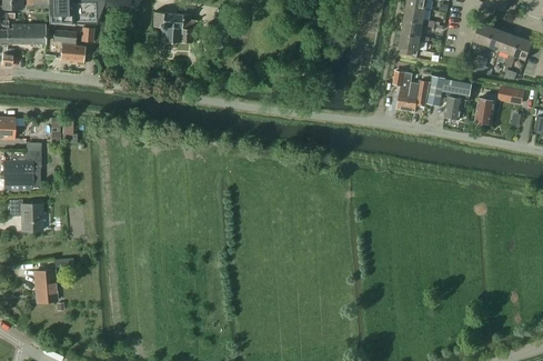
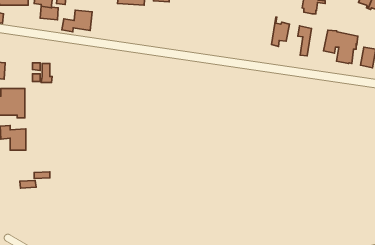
building: none -> [62,10,92,32]
building: [405,73,429,111] -> [272,17,290,46]
building: [34,279,56,302] -> none

